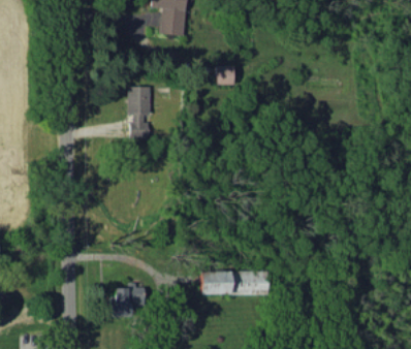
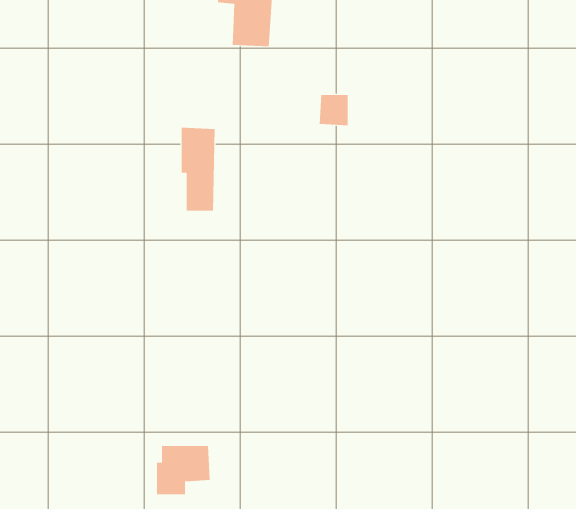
building: [201,271,267,295] -> none

